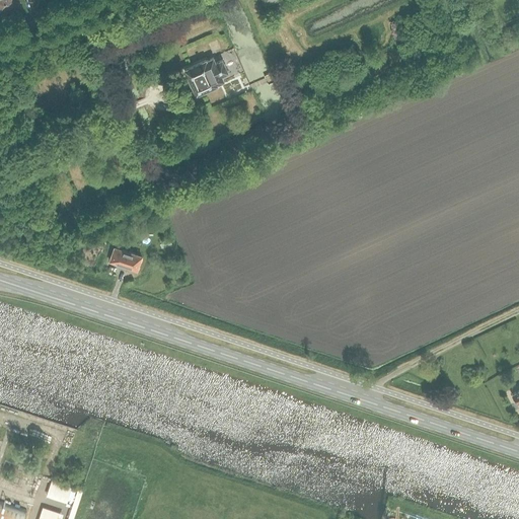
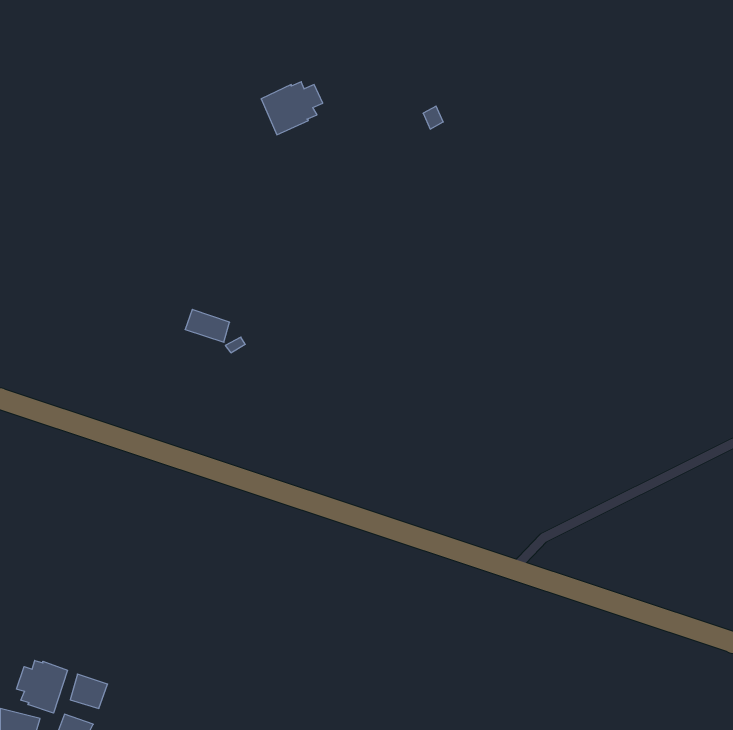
building: [109,249,141,273] -> [185,309,230,342]
building: none -> [16,660,67,713]

